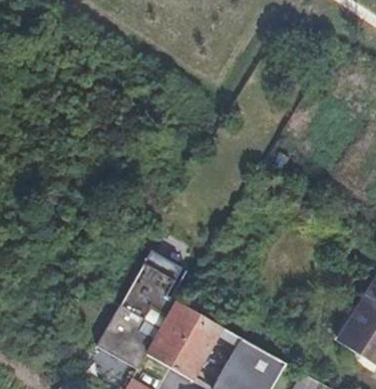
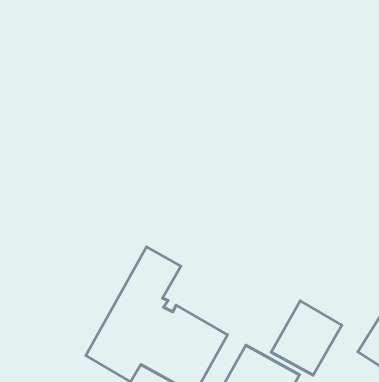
building: none -> [271,301,342,375]

